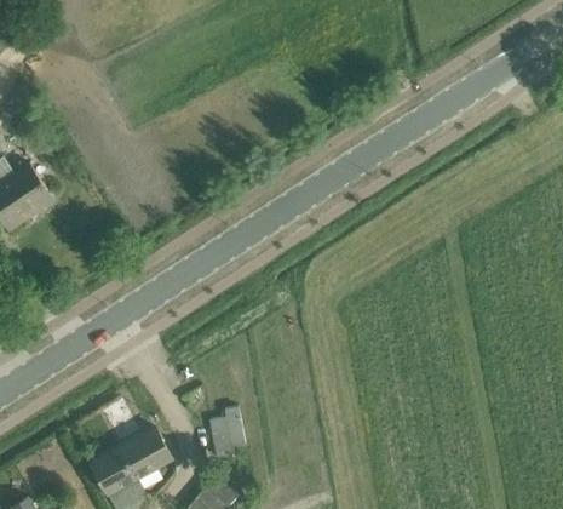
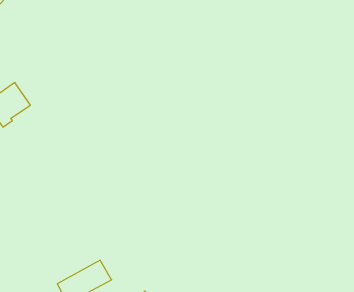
building: [211,406,246,454] -> none

